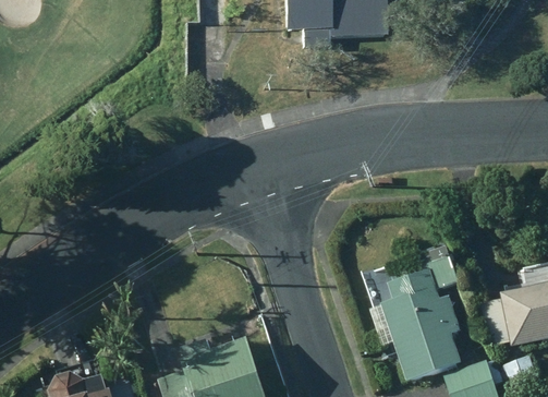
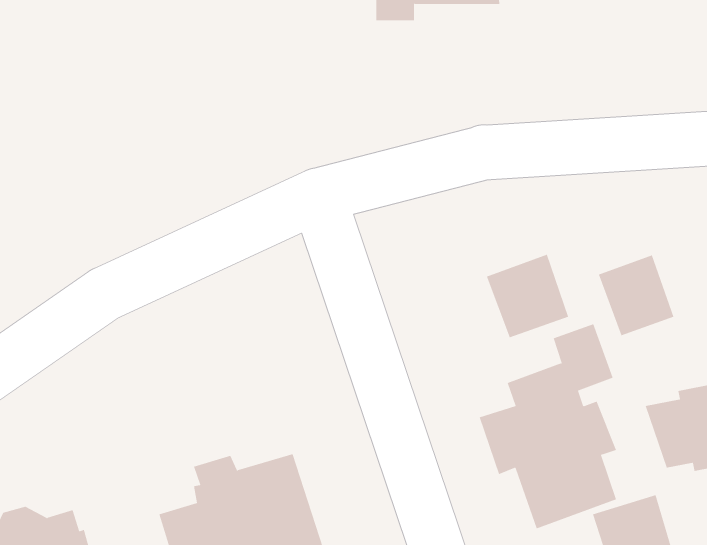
building: none -> [486,254,569,338]
building: none -> [598,255,674,336]

